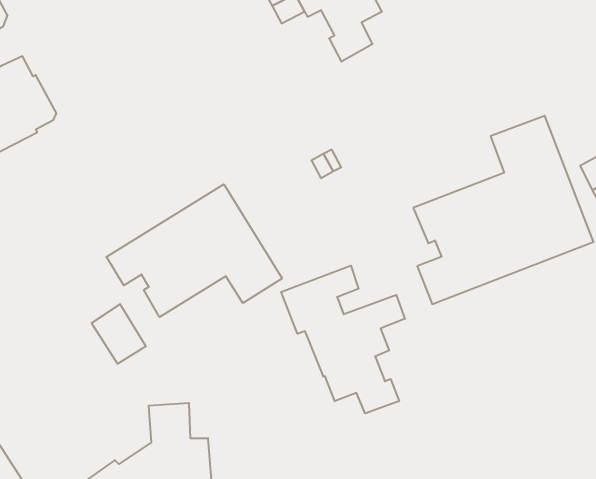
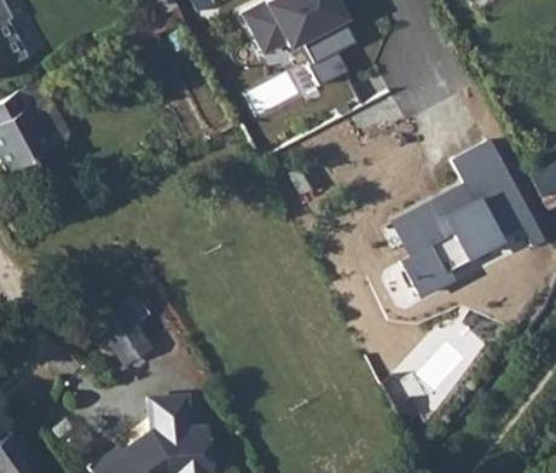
building: [106,184,282,317] -> none
building: [281,266,405,413] -> none

